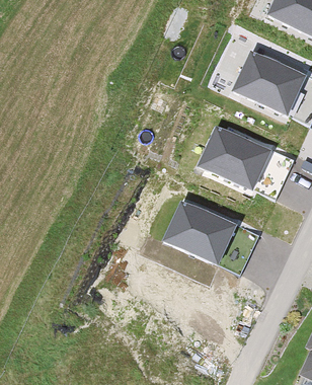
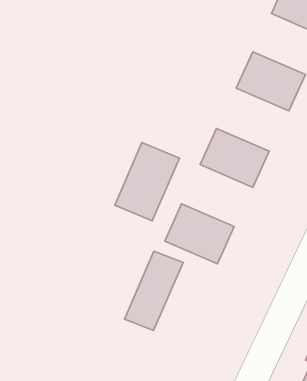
building: none -> [115,142,179,221]
building: none -> [125,251,183,331]

